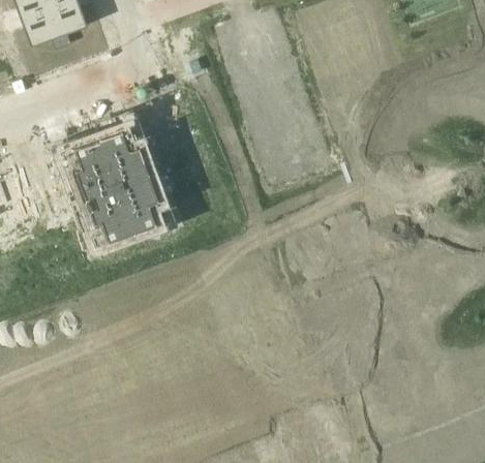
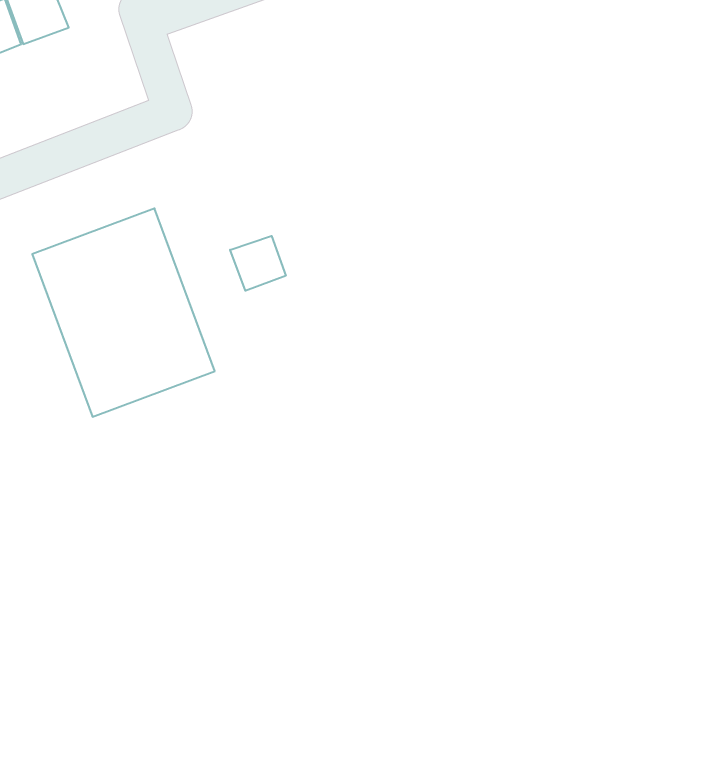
building: none -> [230,236,286,291]

